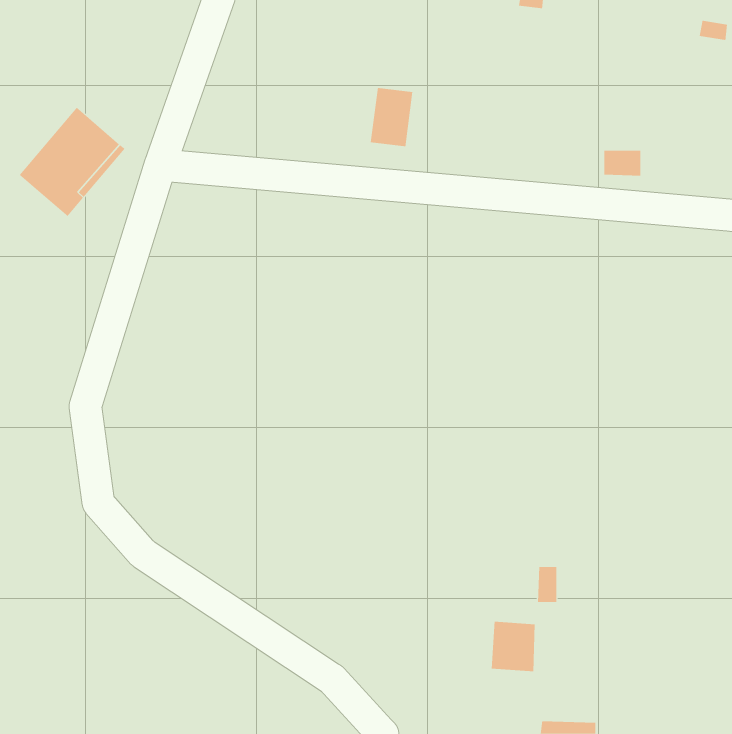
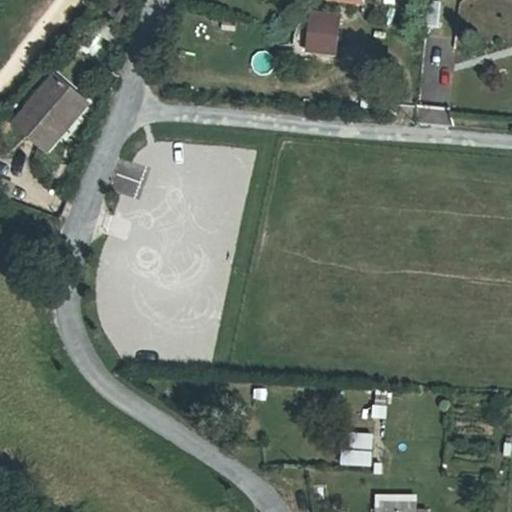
building: [370,88,413,147] -> [305,12,335,53]

